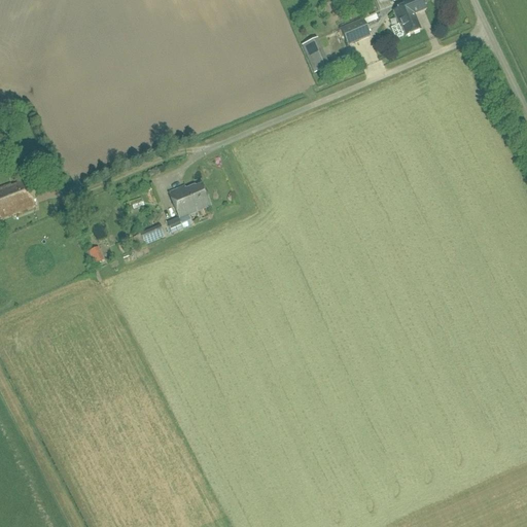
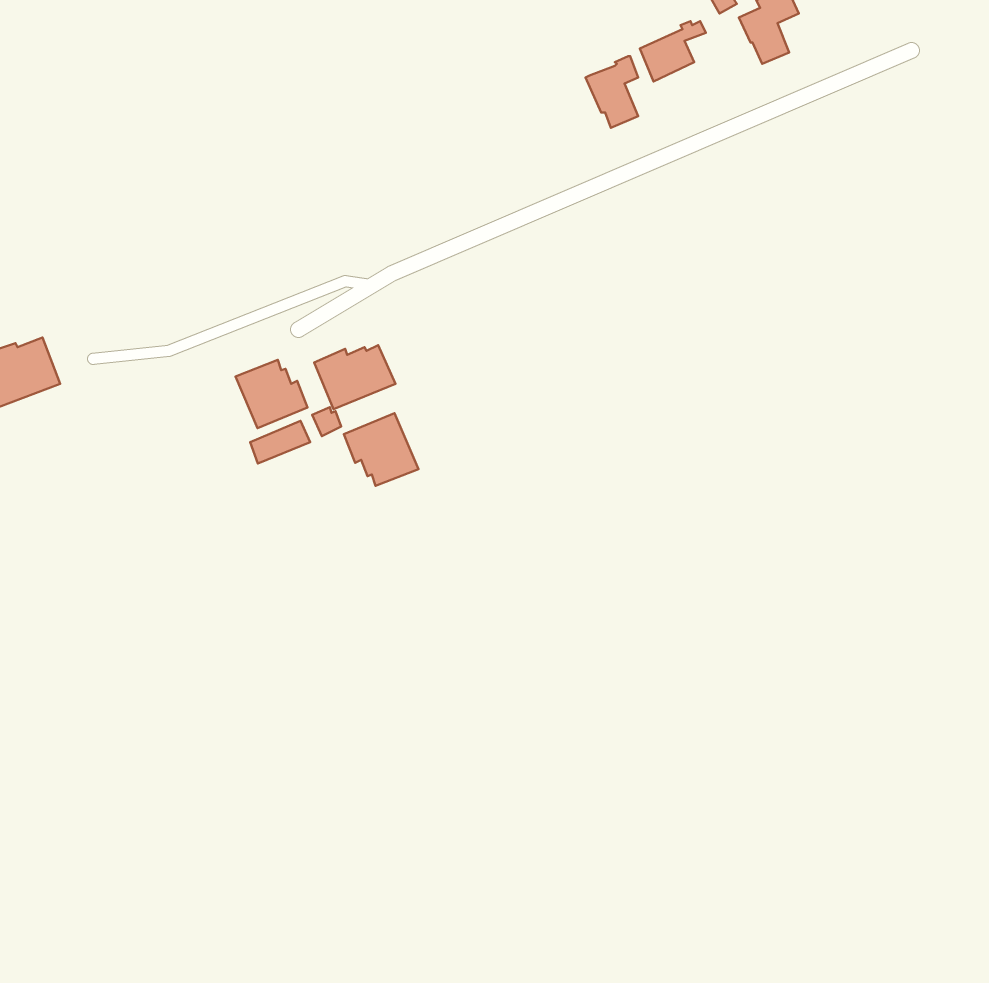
building: none -> [235,360,308,428]
building: none -> [344,413,419,486]

